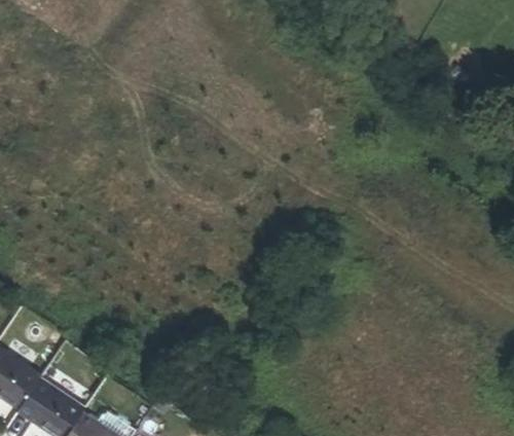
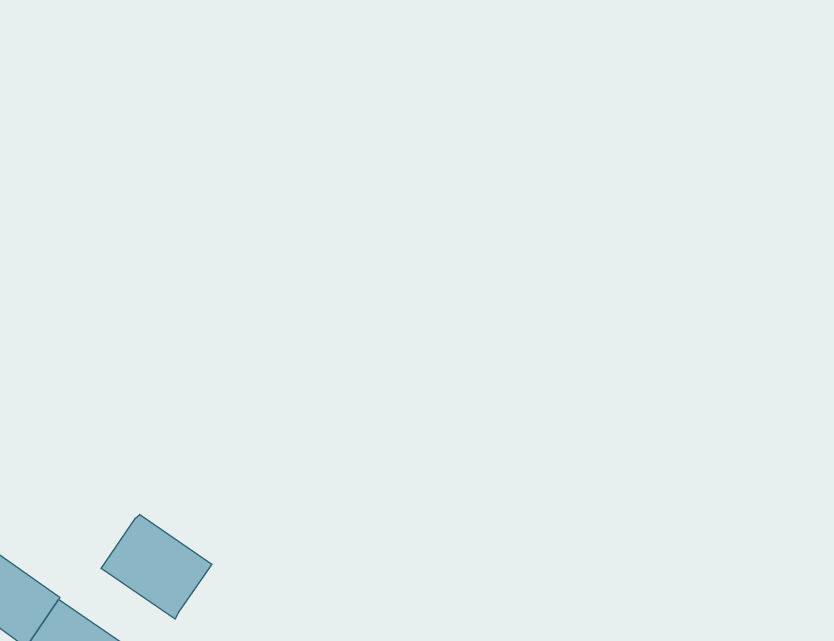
building: none -> [101,514,212,619]

